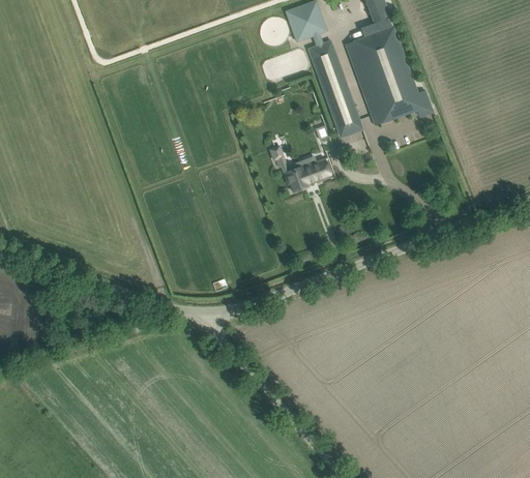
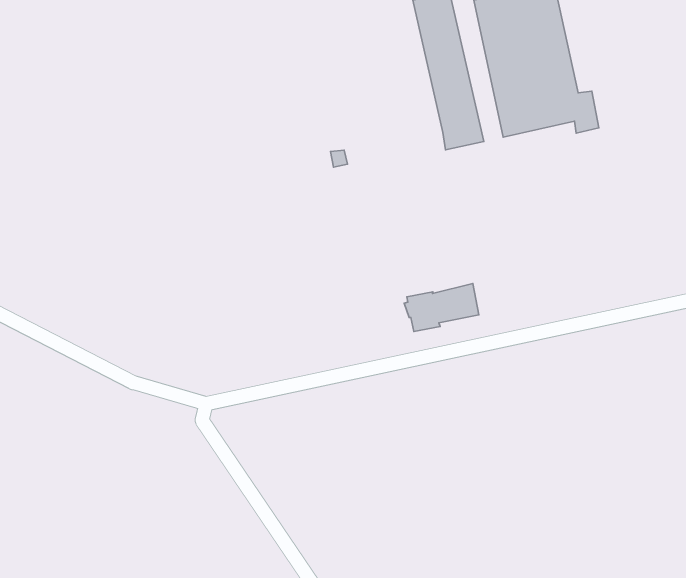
building: [284,156,330,190] -> [404,283,479,332]

